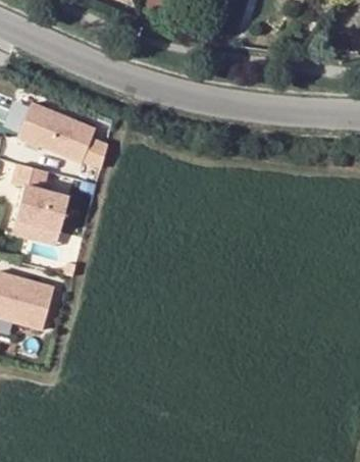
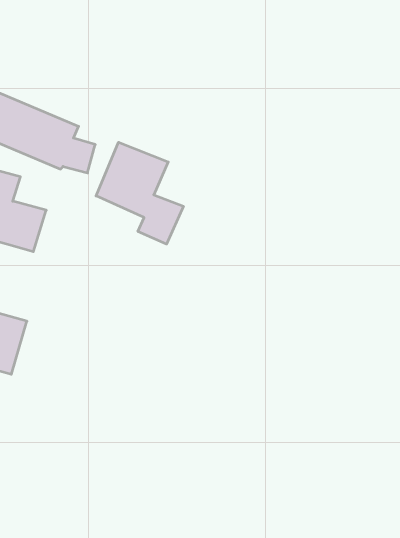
building: none -> [96,142,183,244]

